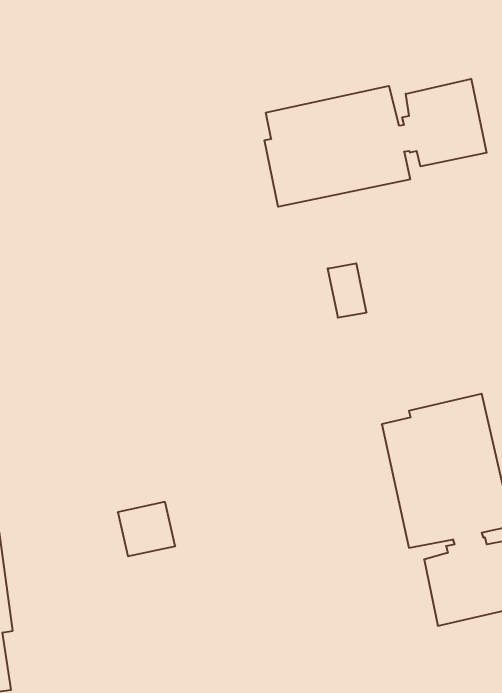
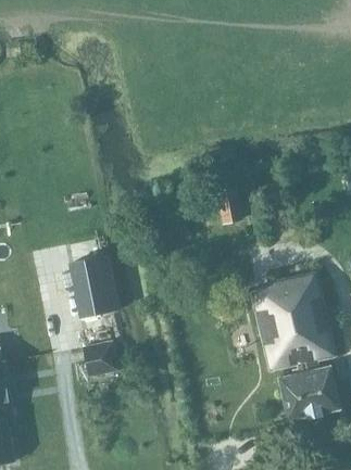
building: [264,79,486,207] -> none
building: none -> [68,256,114,318]

